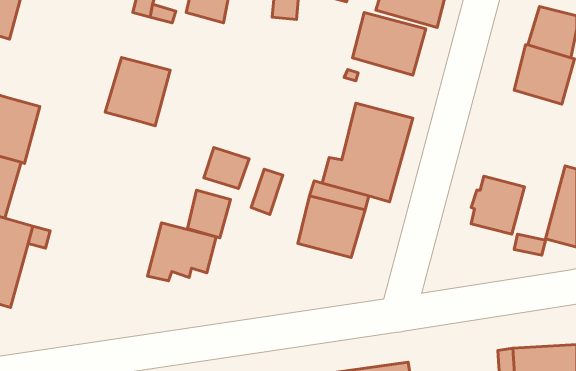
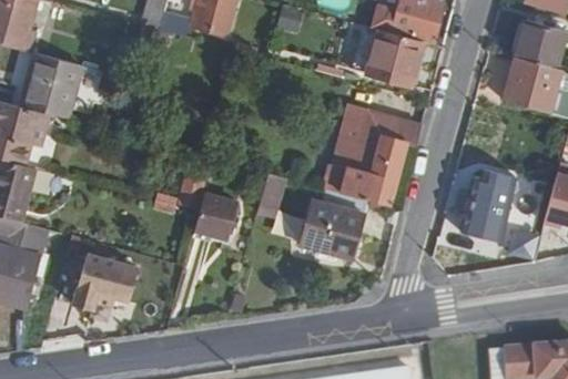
building: [105,57,170,126] -> [21,54,83,120]
building: [204,147,249,189] -> none
building: [147,223,216,281] -> [73,254,139,309]

